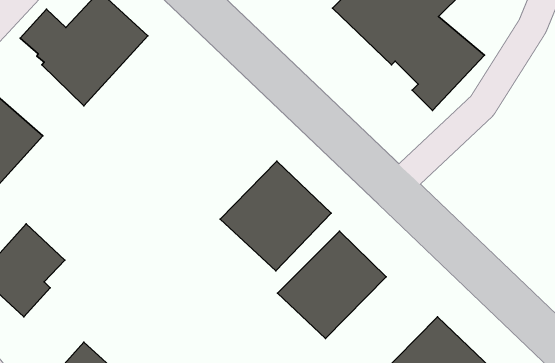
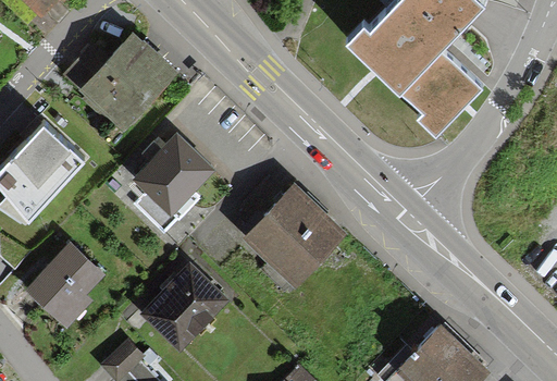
building: none -> [134,135,213,230]
building: [278,231,386,339] -> none
building: none -> [140,261,228,353]

